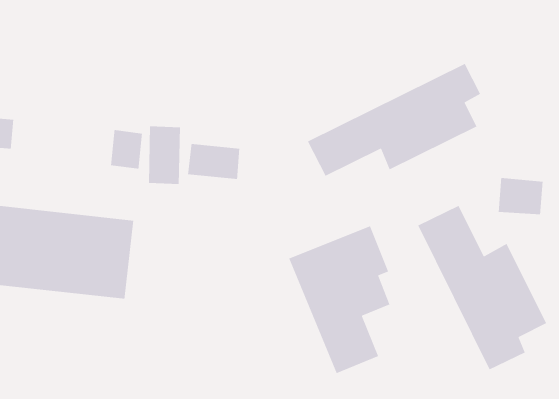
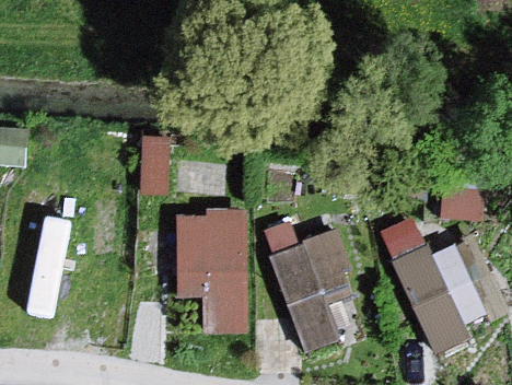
building: [307,63,481,177] -> none
building: none -> [176,208,253,335]

